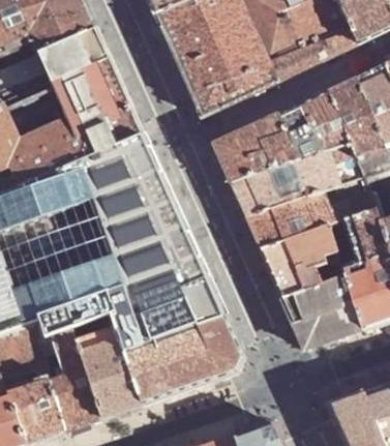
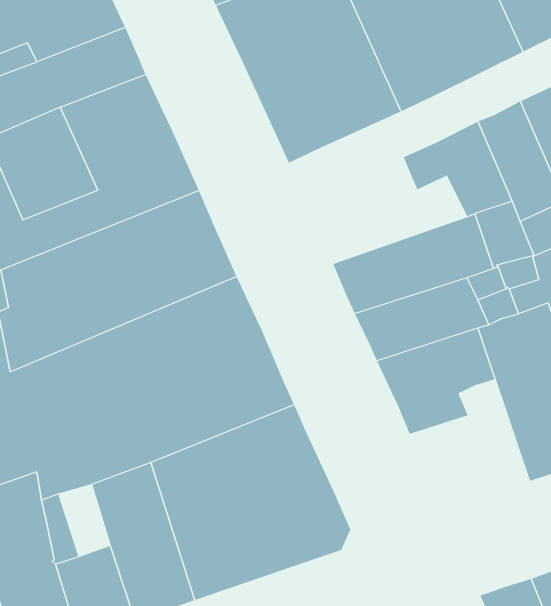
building: [213,113,321,183] -> none
building: [282,260,362,348] -> none
building: [51,329,85,377] -> none

